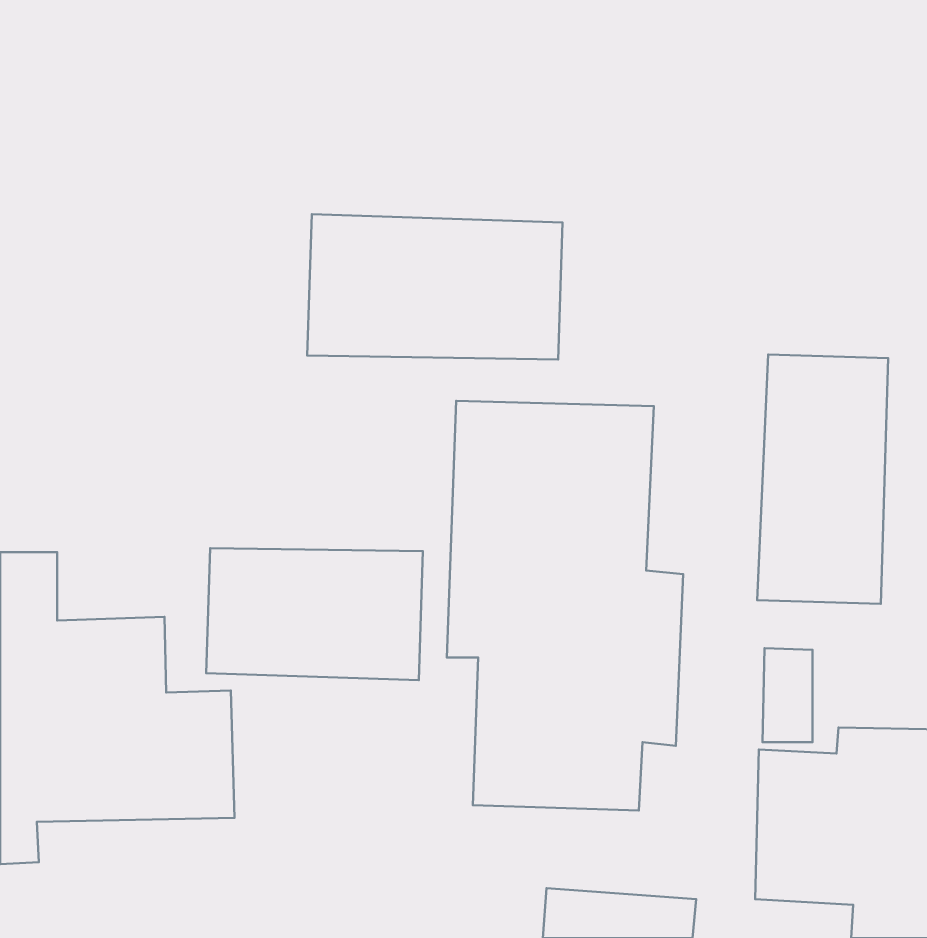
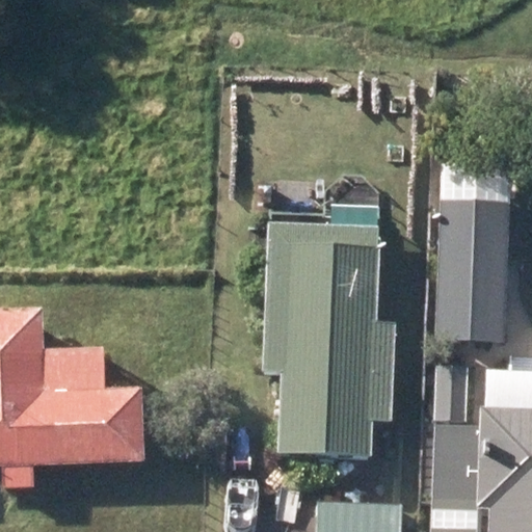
building: [307,214,562,360] -> none
building: [206,548,423,680] -> none

